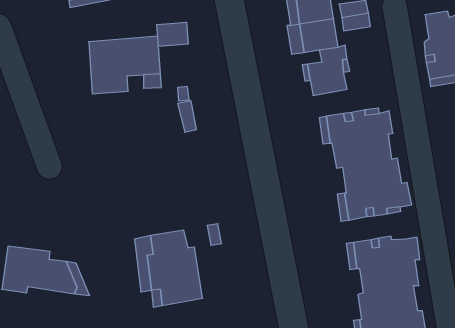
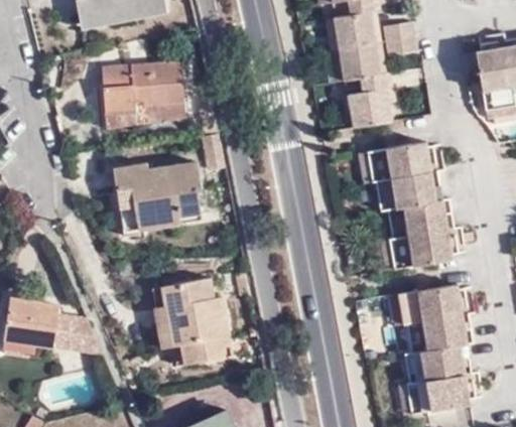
building: [157,22,188,46] -> none
building: none -> [113,163,199,230]

